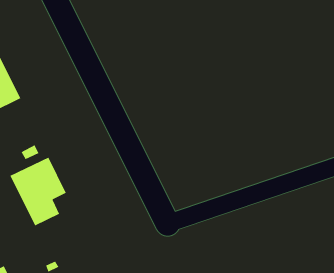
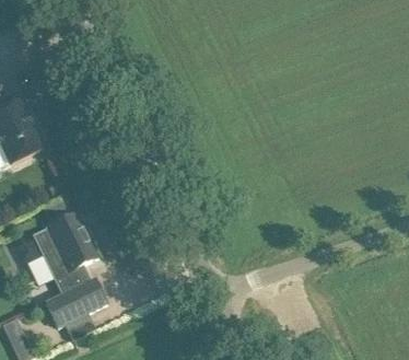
building: none -> [46,277,107,326]

